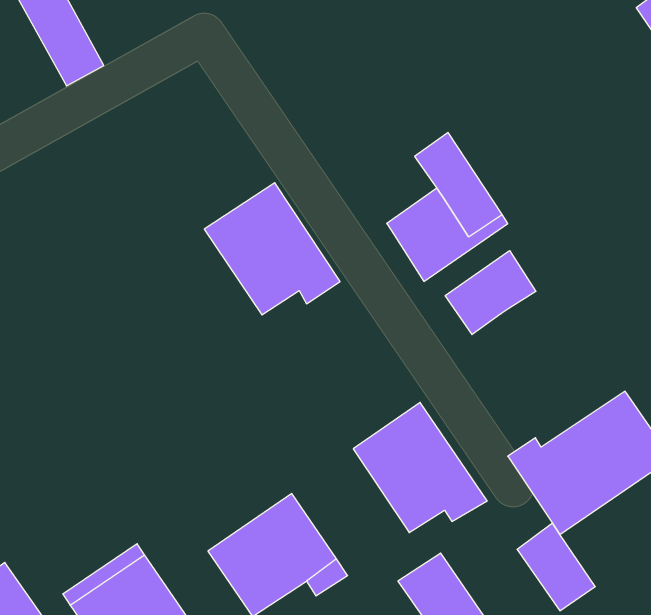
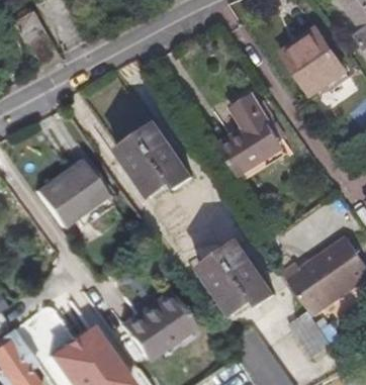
building: none -> [279,29,348,92]
building: none -> [32,161,110,229]
building: [445,251,536,335] -> none

